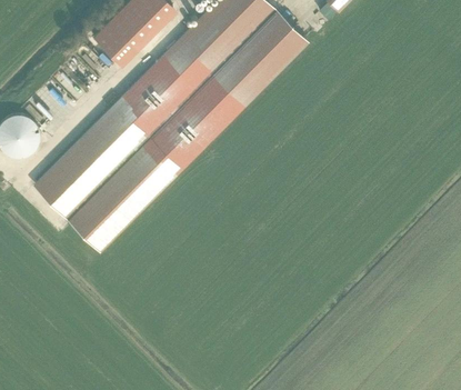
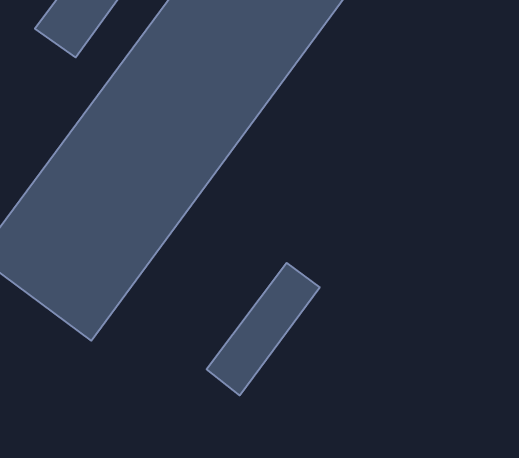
building: none -> [207,263,320,395]

